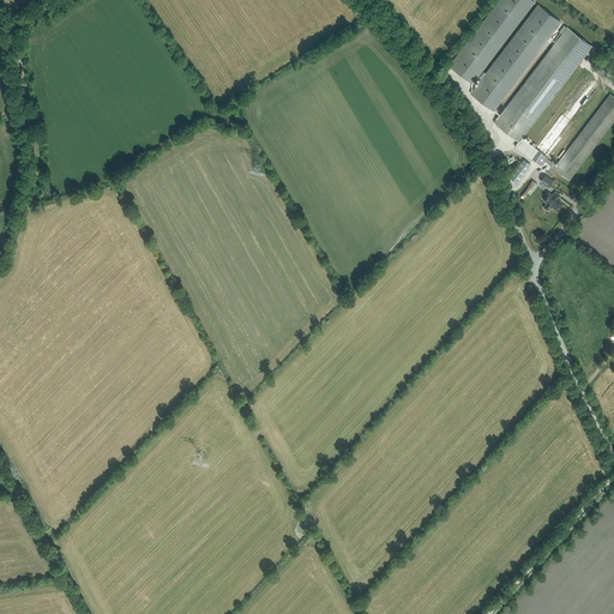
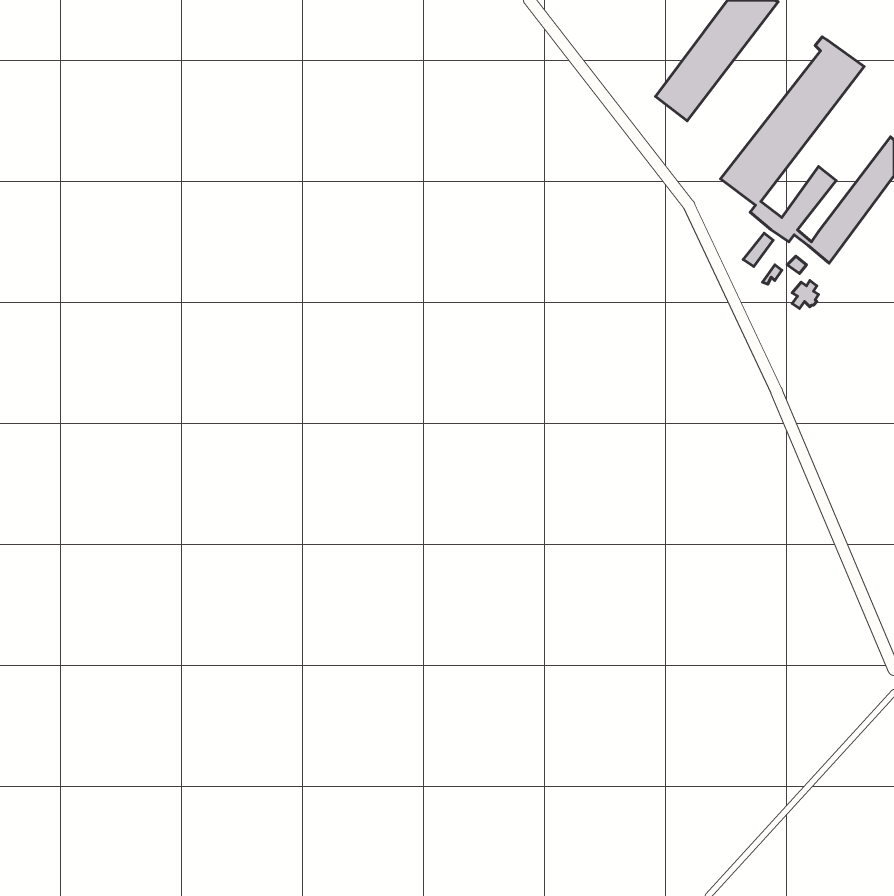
building: [470,5,559,110] -> none

